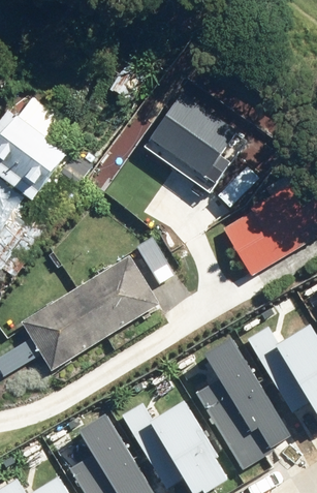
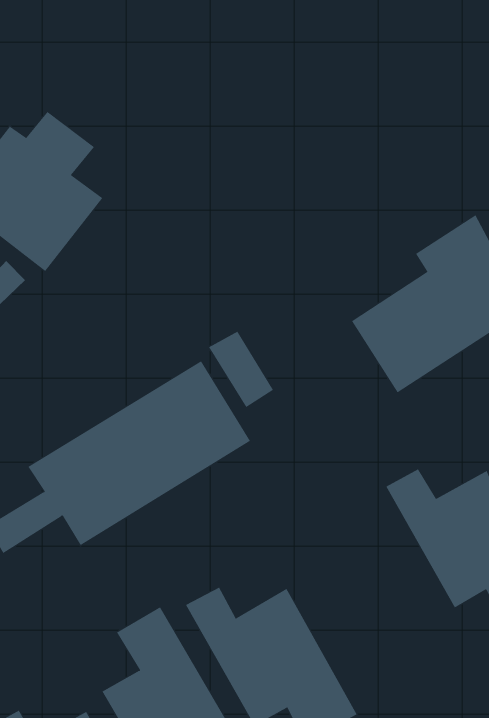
building: [141,92,249,196] -> none
building: [196,334,290,476] -> none

